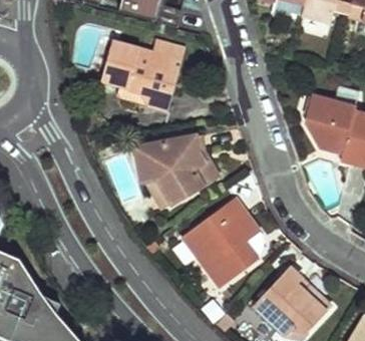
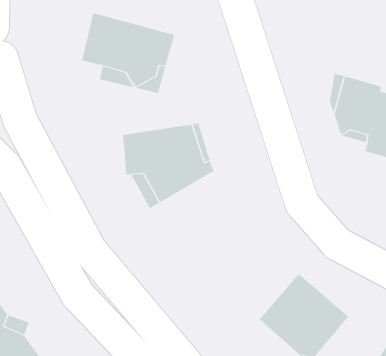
building: [183,199,257,285] -> none

